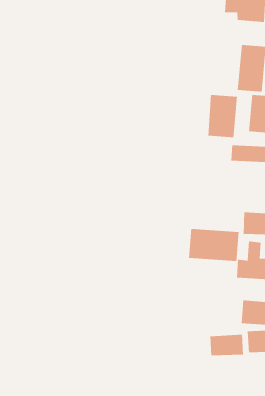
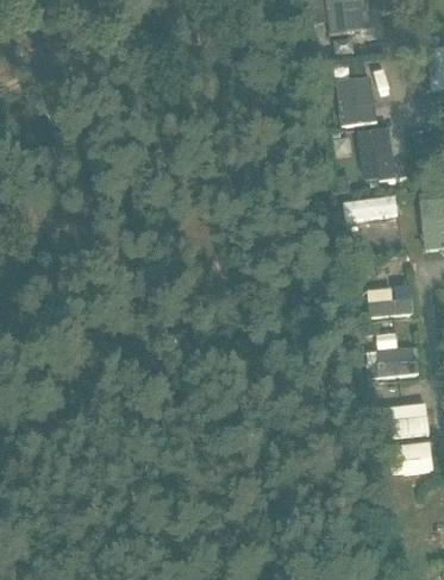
building: [208,94,237,138] -> none
building: [188,228,239,262] -> none
building: [210,334,244,356] -> none

